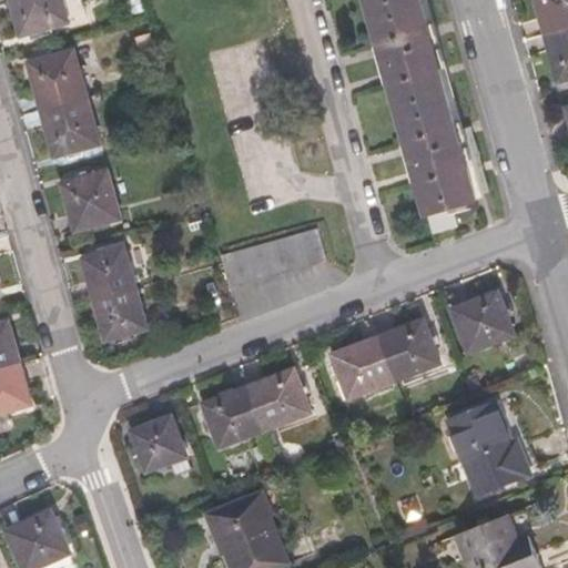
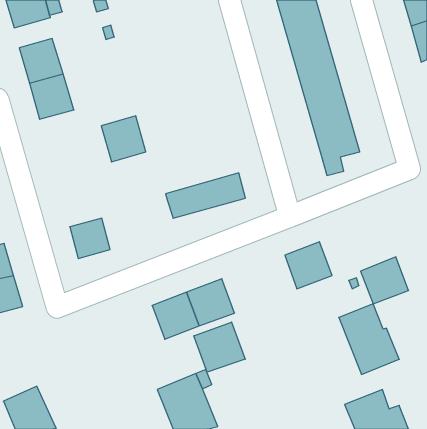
building: [60,171,119,232] -> [101,116,146,162]
building: [80,246,134,300] -> none
building: [449,291,513,353] -> [361,257,409,304]
building: [329,337,392,398] -> none
building: [129,416,190,475] -> none
building: none -> [194,322,245,372]

